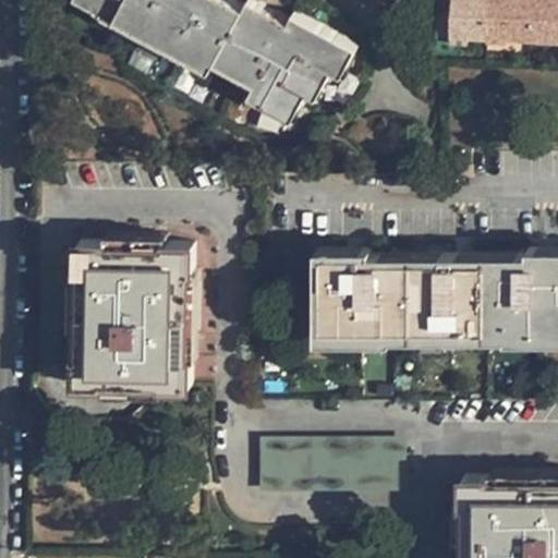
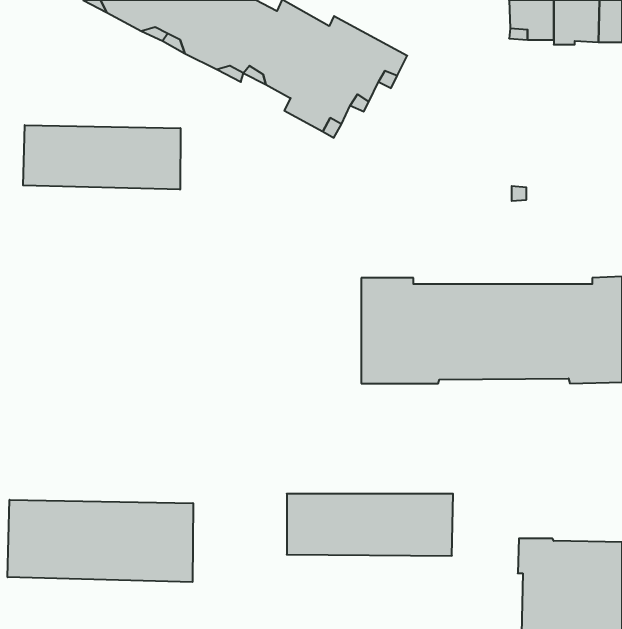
building: none -> [23,125,180,190]
building: [69,242,186,388] -> none
building: none -> [8,500,193,582]

